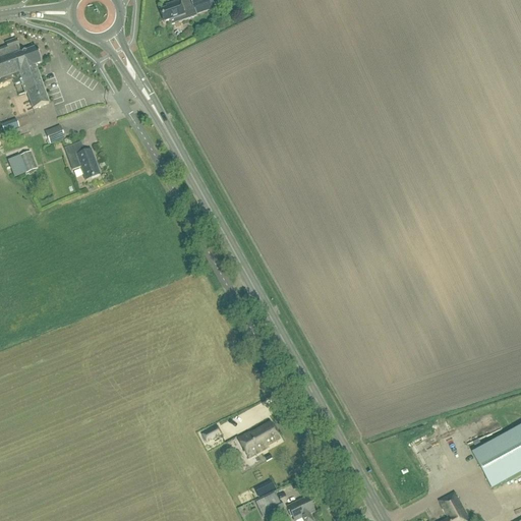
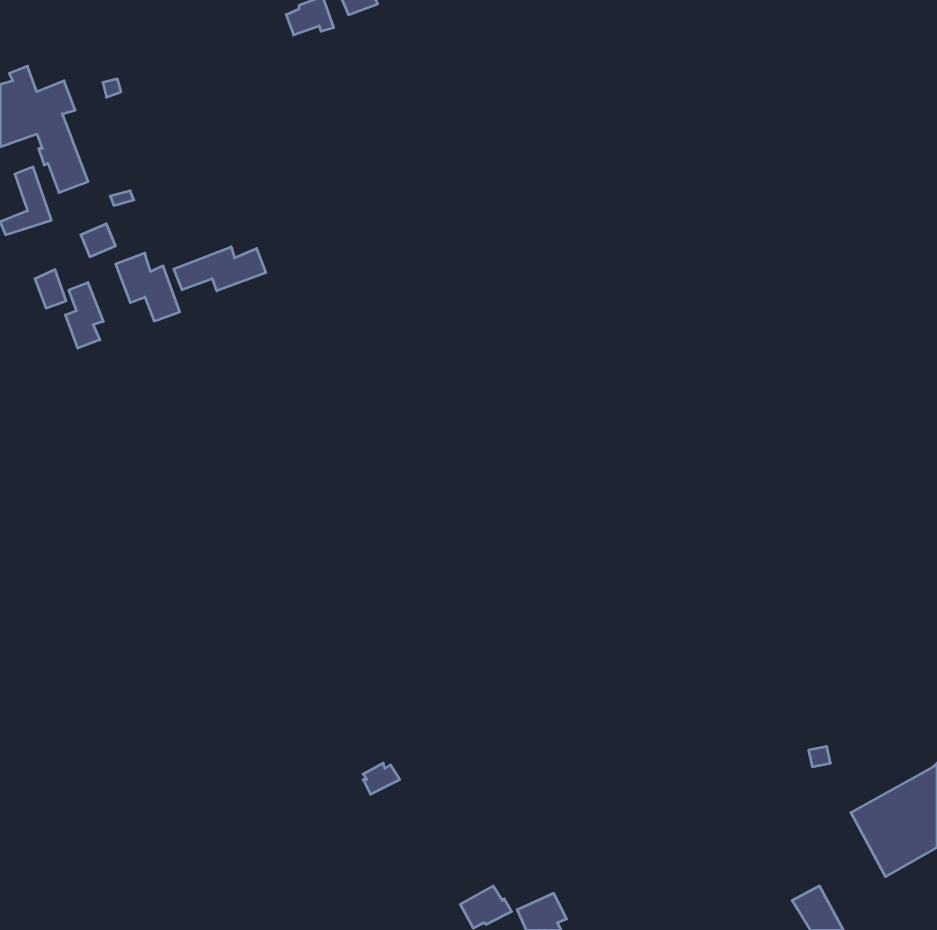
building: none -> [174,247,266,291]
building: none -> [65,282,103,348]
building: [236,420,280,457] -> none

